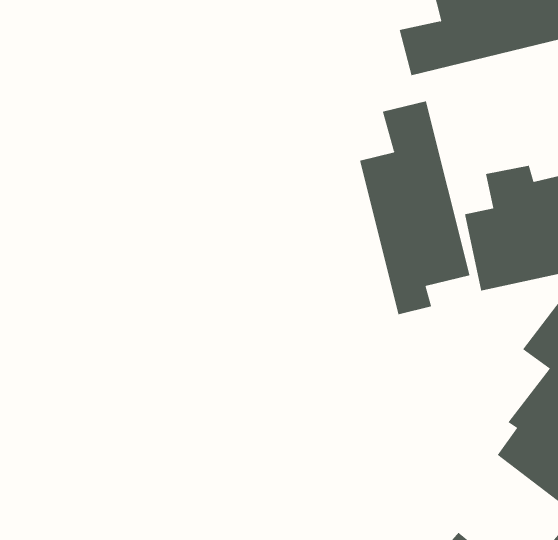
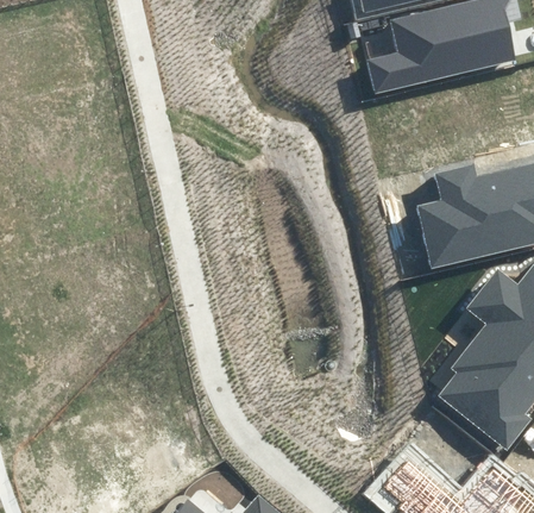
building: [360,101,470,315] -> none

